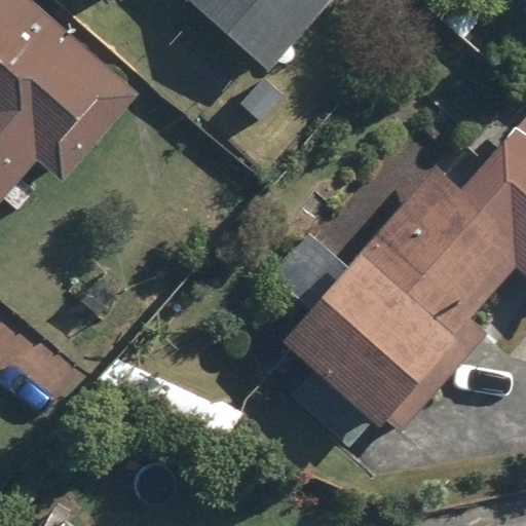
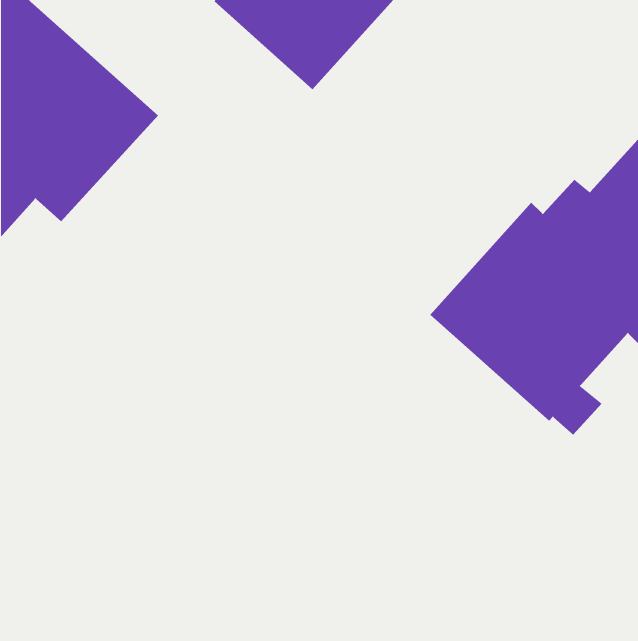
building: [275,255,453,453] -> none

